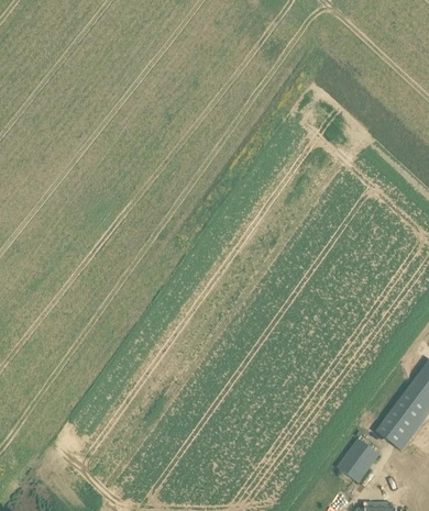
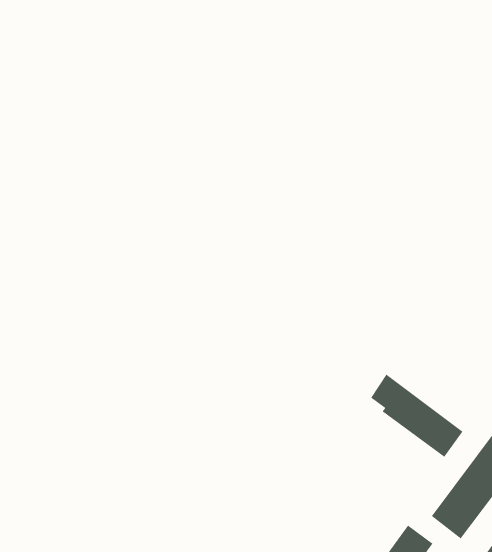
building: none -> [370,374,464,458]

